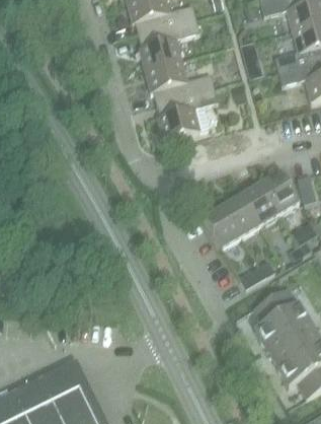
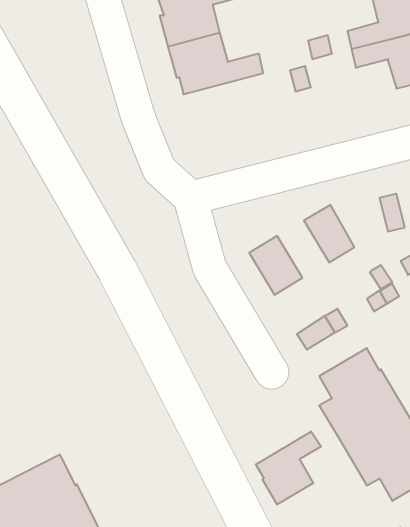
building: [156,88,218,138] -> none
building: [262,172,299,214] -> none
building: [224,195,261,236] -> none
building: none -> [256,431,321,505]

